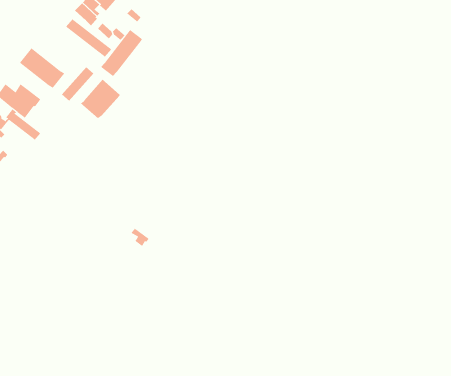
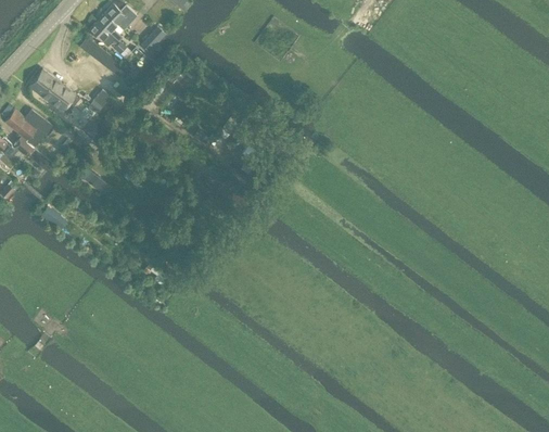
building: [100,29,143,77] -> none
building: [80,79,121,119] -> none

